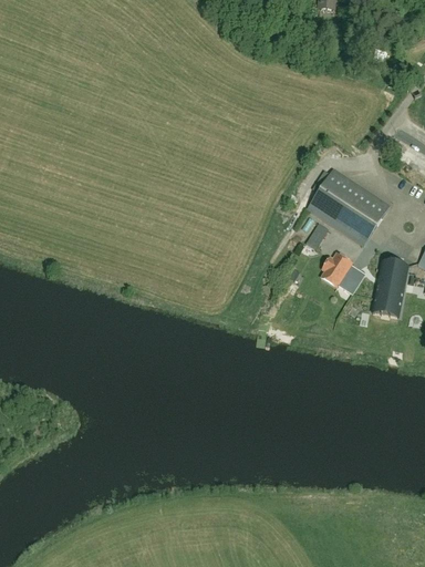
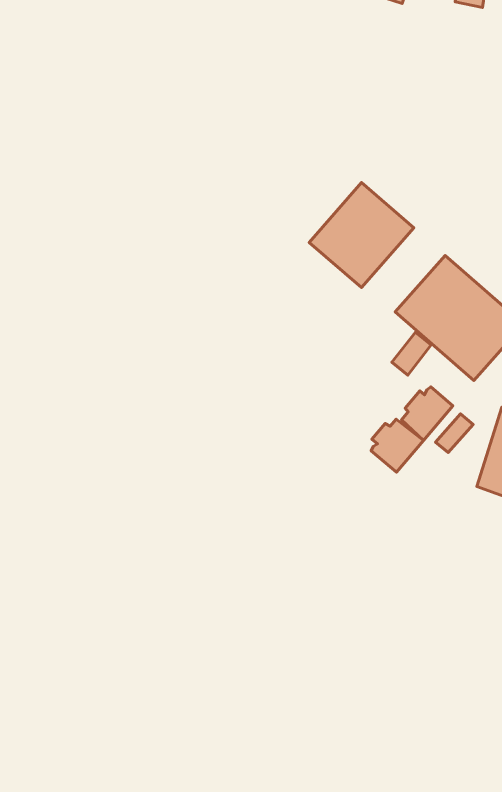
building: none -> [309,183,414,288]
building: none -> [371,419,423,472]

